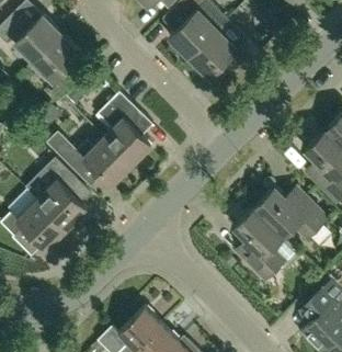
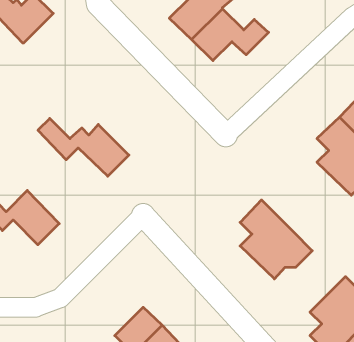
building: [30,33,86,99] -> none
building: [98,91,150,164] -> none
building: [36,156,87,228] -> none
building: [253,185,327,239] -> none

